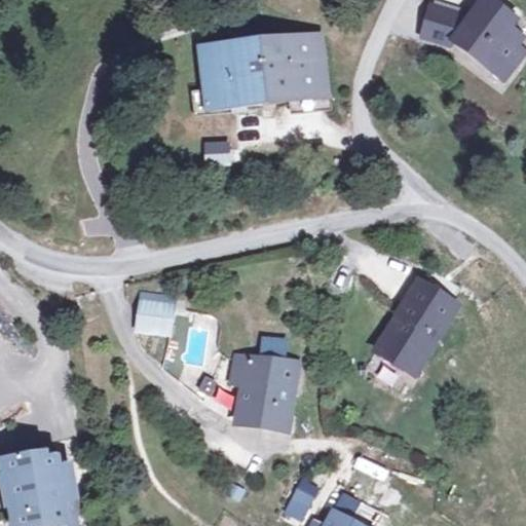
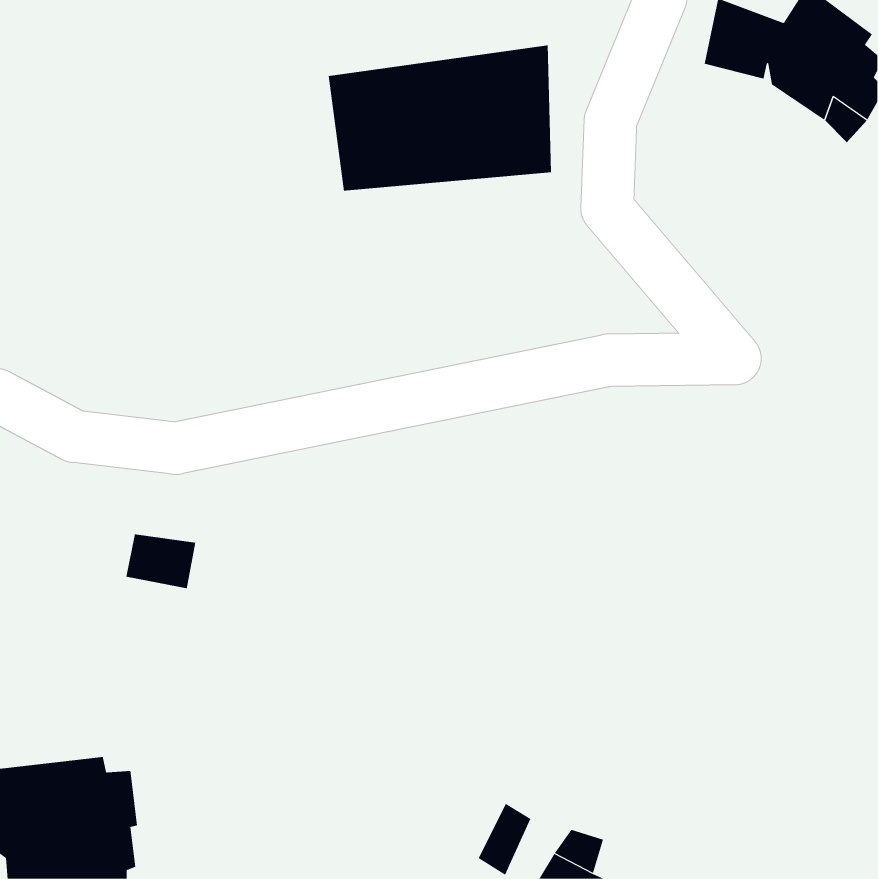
building: [371,272,465,378] -> none
building: [136,297,178,330] -> [125,534,196,589]
building: [228,334,305,435] -> none

